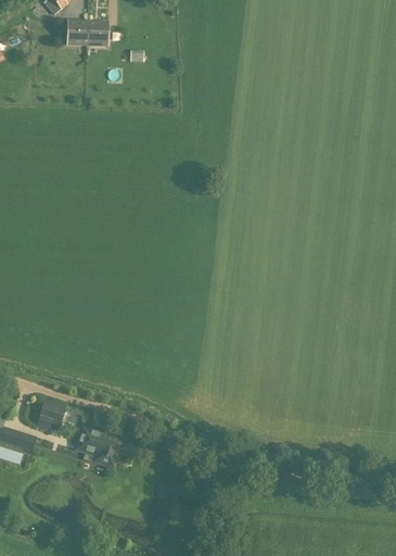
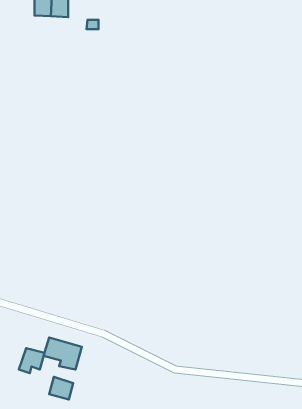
building: [36,401,66,430] -> [19,348,44,373]
building: none -> [49,377,73,400]

